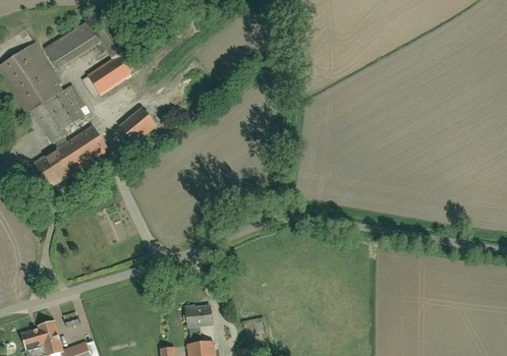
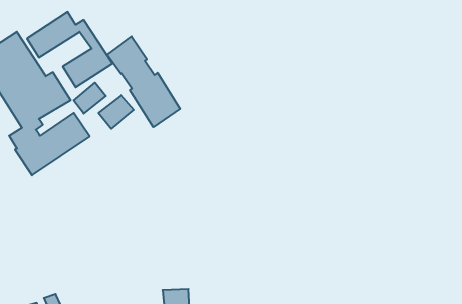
building: none -> [107,36,180,127]
building: none -> [74,83,106,114]

